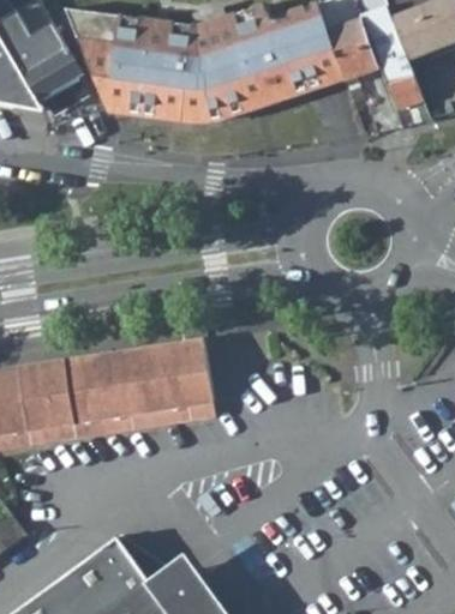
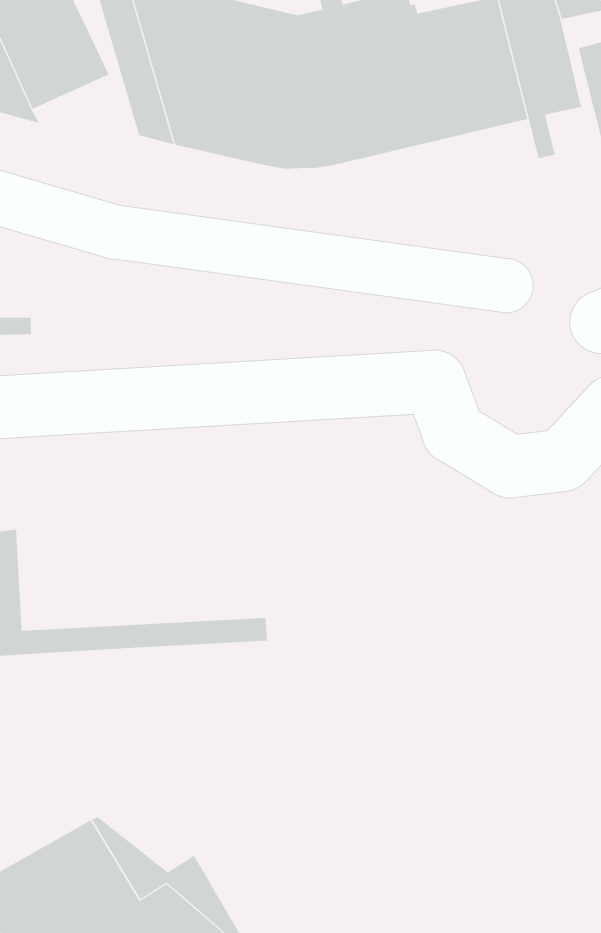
building: [54,339,214,425] -> none

